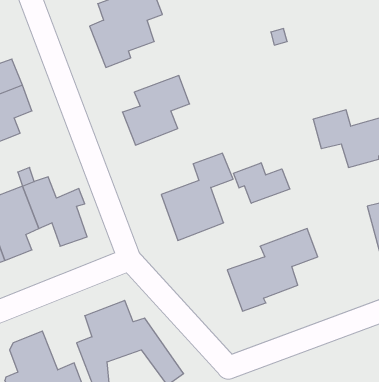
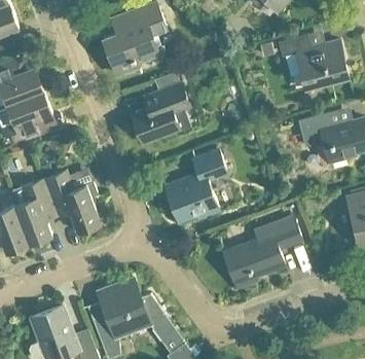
building: none -> [278,34,348,87]
building: [233,163,290,203] -> none

